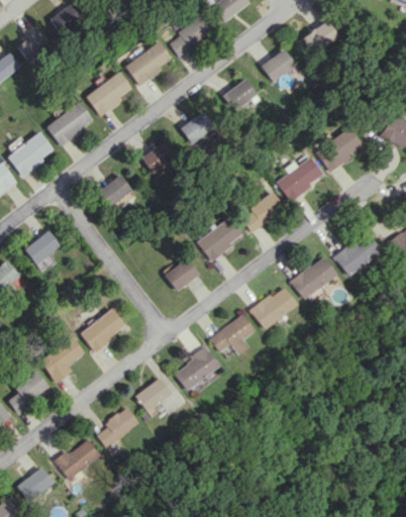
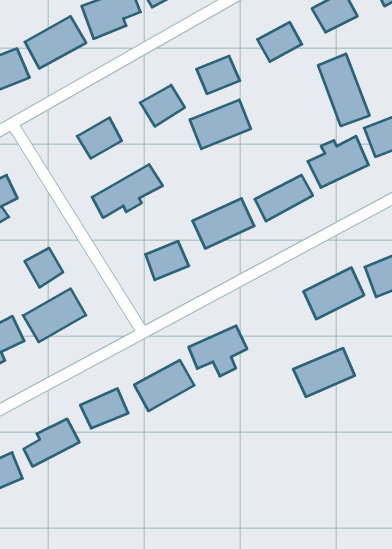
building: none -> [318,54,369,126]
building: none -> [190,100,251,149]
building: none -> [92,164,163,218]
building: none -> [25,248,63,287]
building: [249,287,297,328] -> [293,348,355,397]

